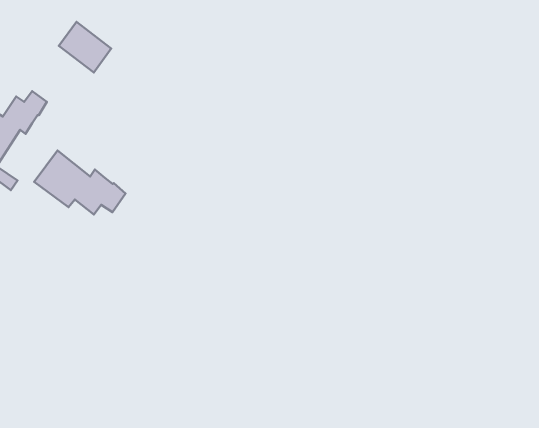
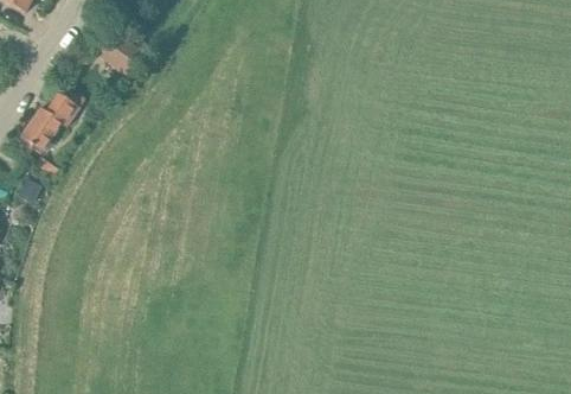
building: [34,150,126,214] -> none

